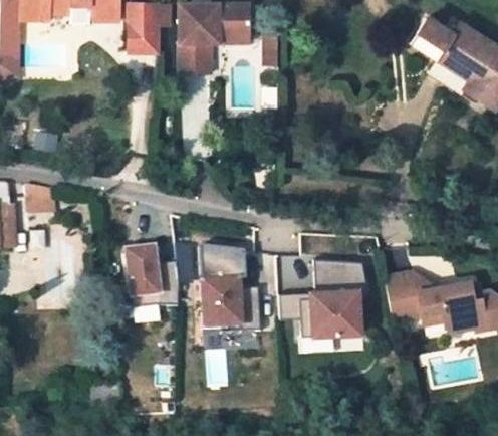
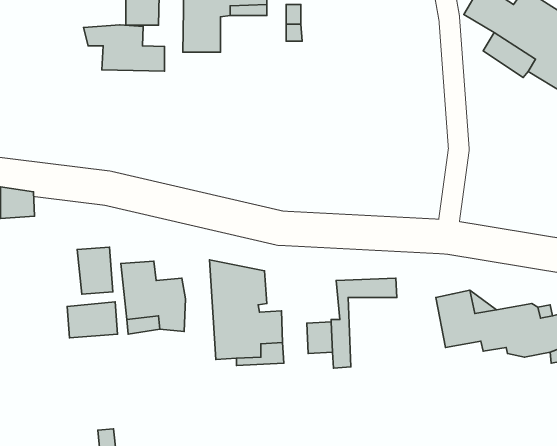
building: none -> [84,25,164,71]
building: none -> [77,247,113,294]
building: [314,276,355,334] -> none
building: none -> [67,302,118,338]

